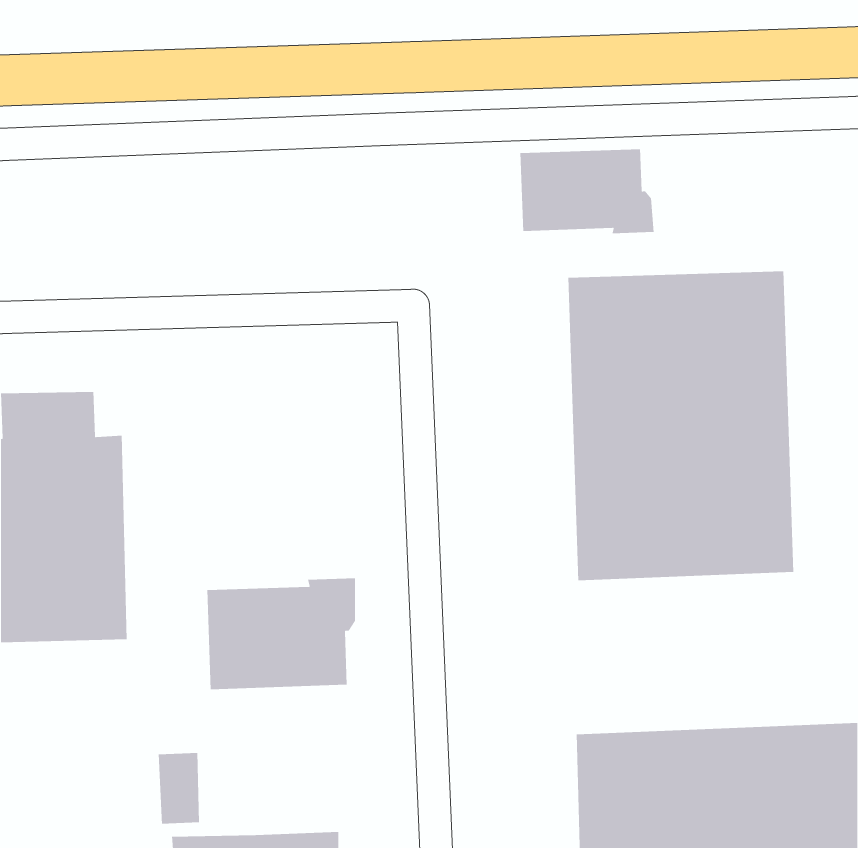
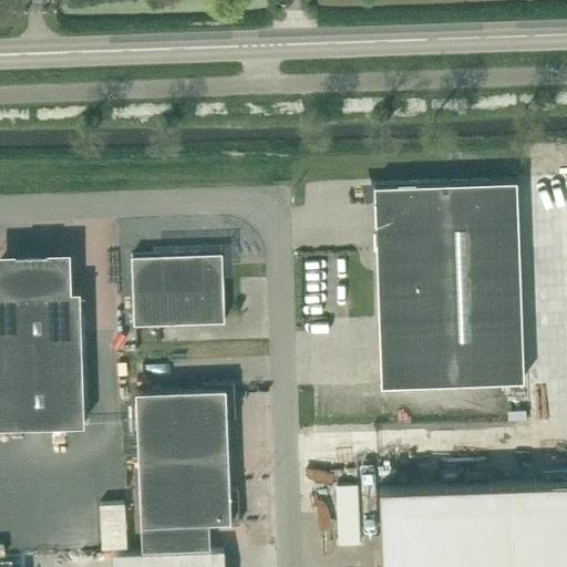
building: [520,148,655,234] -> none
building: none -> [132,257,225,329]
building: none -> [138,458,239,553]

